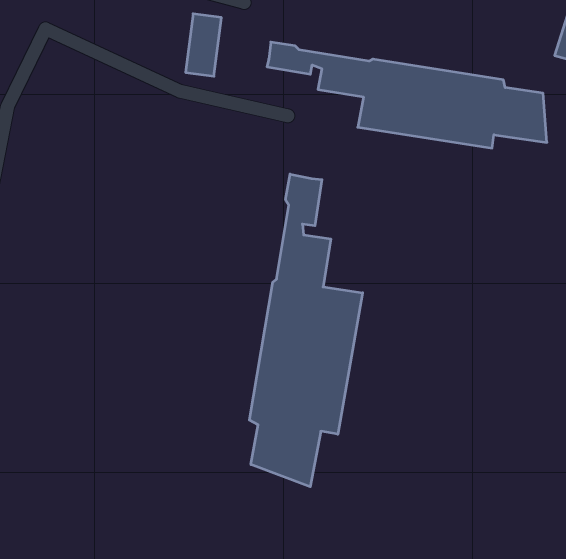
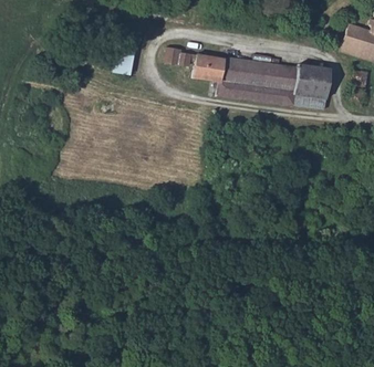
building: [249,174,363,487] -> none

